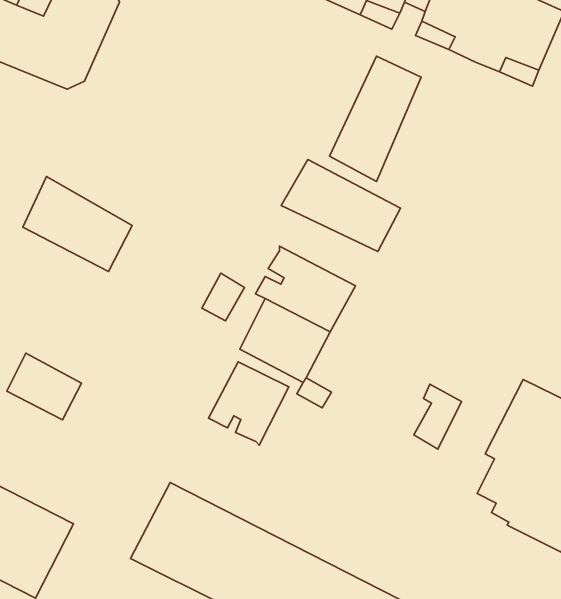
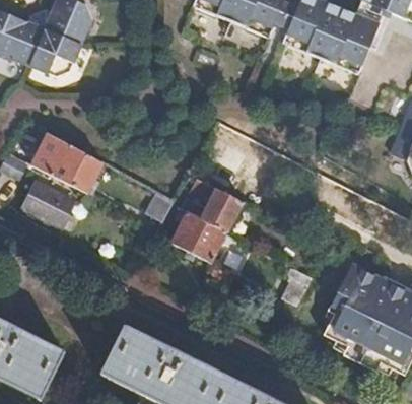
building: [330,56,421,181] -> none
building: [281,160,401,252] -> none
building: [7,353,81,420] -> [24,181,72,223]
building: [208,362,289,445] -> none

